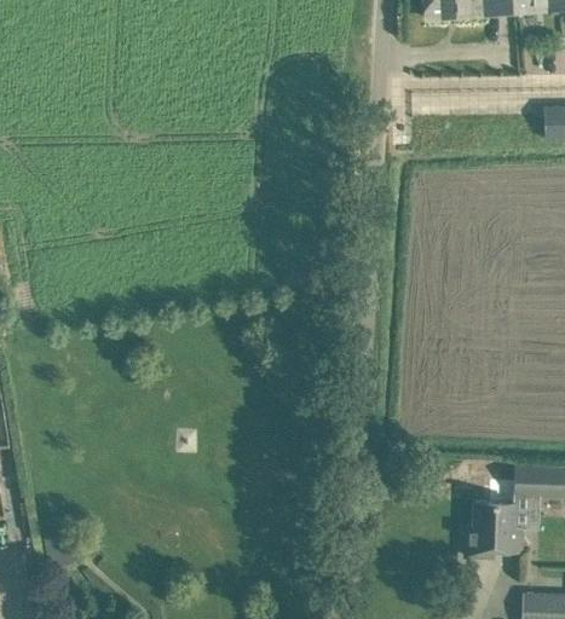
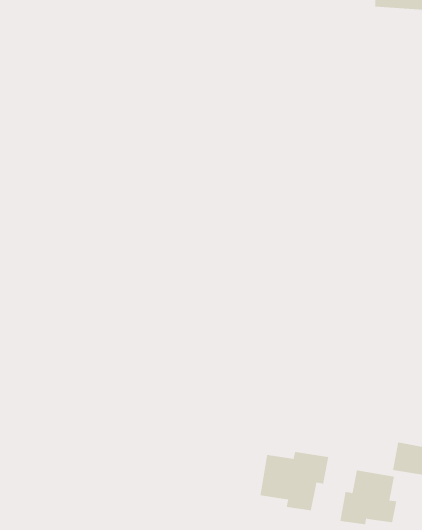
building: none -> [260,451,329,511]

